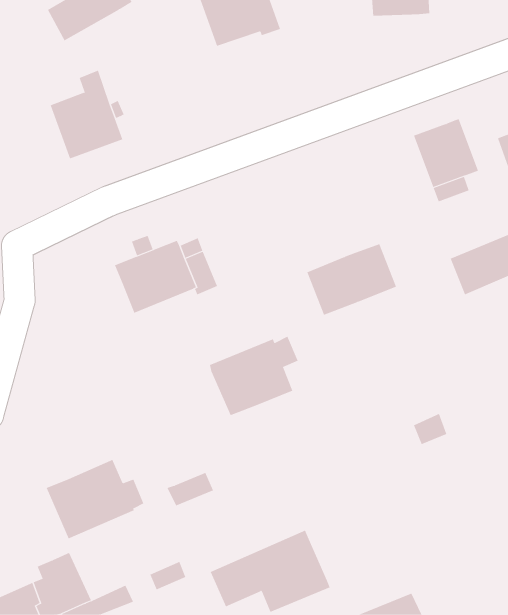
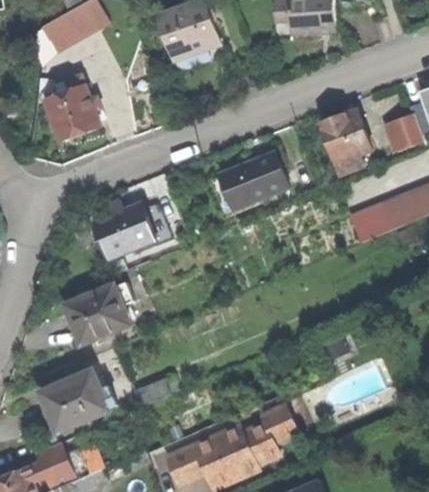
building: [306,243,397,316] -> [218,153,287,208]
building: [209,336,298,416] -> [65,282,133,343]
building: none -> [241,404,296,463]

